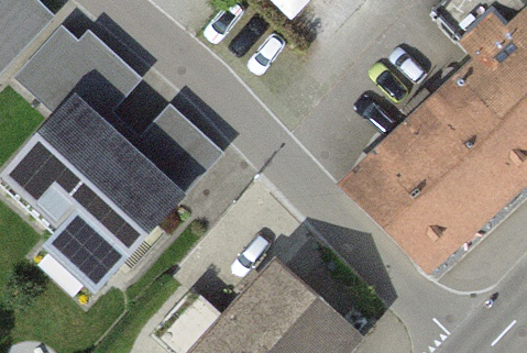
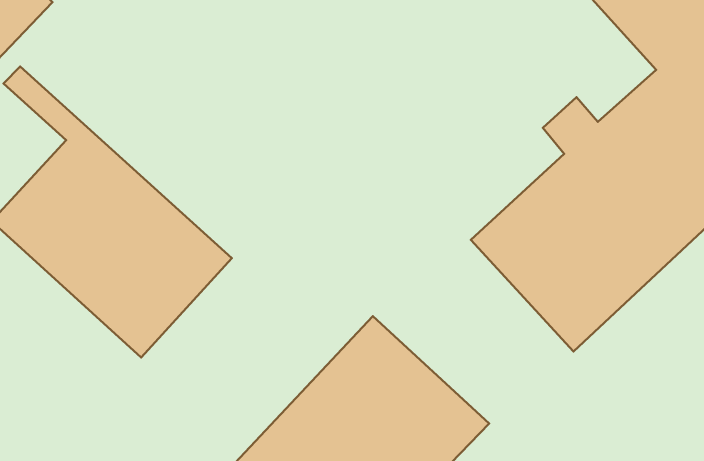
building: [26,29,223,205] -> none

